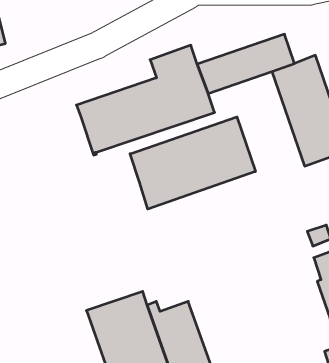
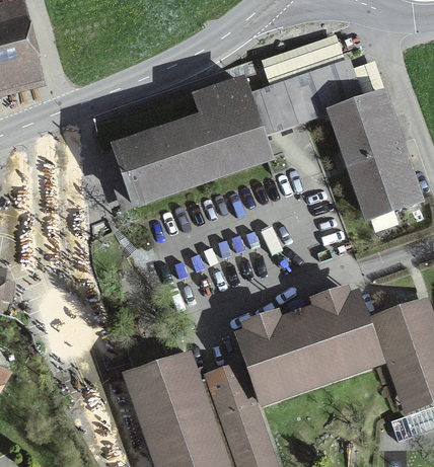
building: [130,117,255,209] -> none
building: none -> [242,292,381,405]

